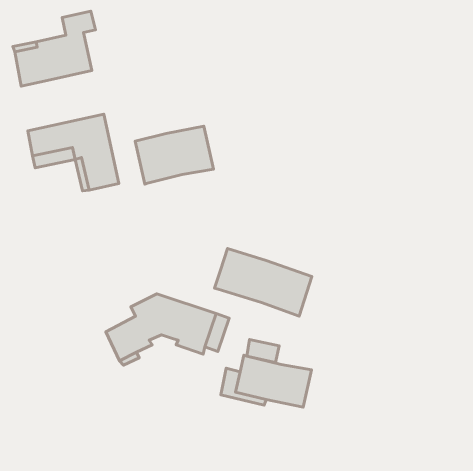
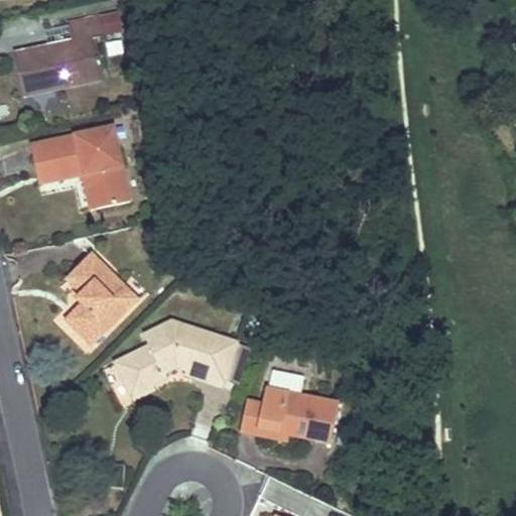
building: [135,126,213,184] -> none
building: none -> [67,252,136,342]
building: [214,248,312,316] -> none

